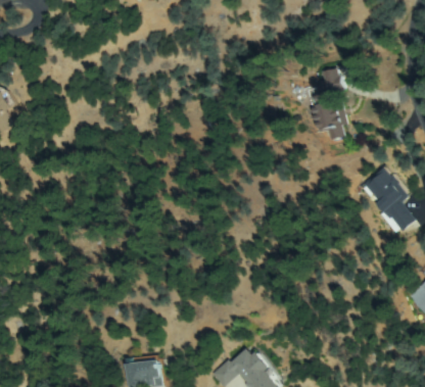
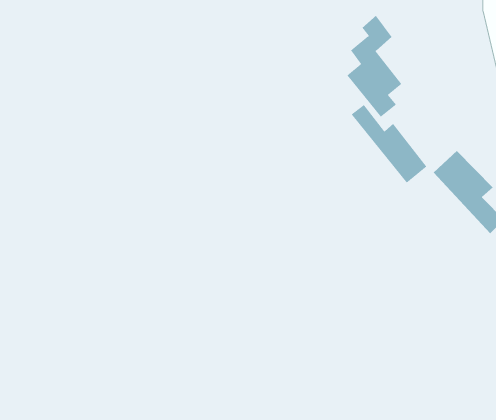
building: none -> [351,104,427,183]

